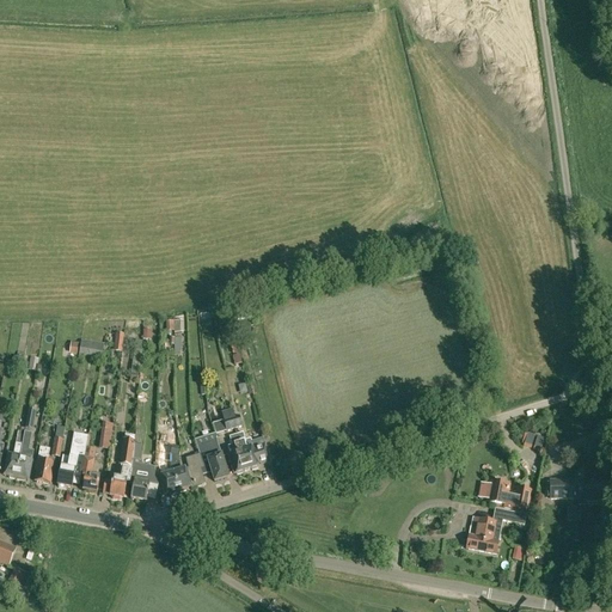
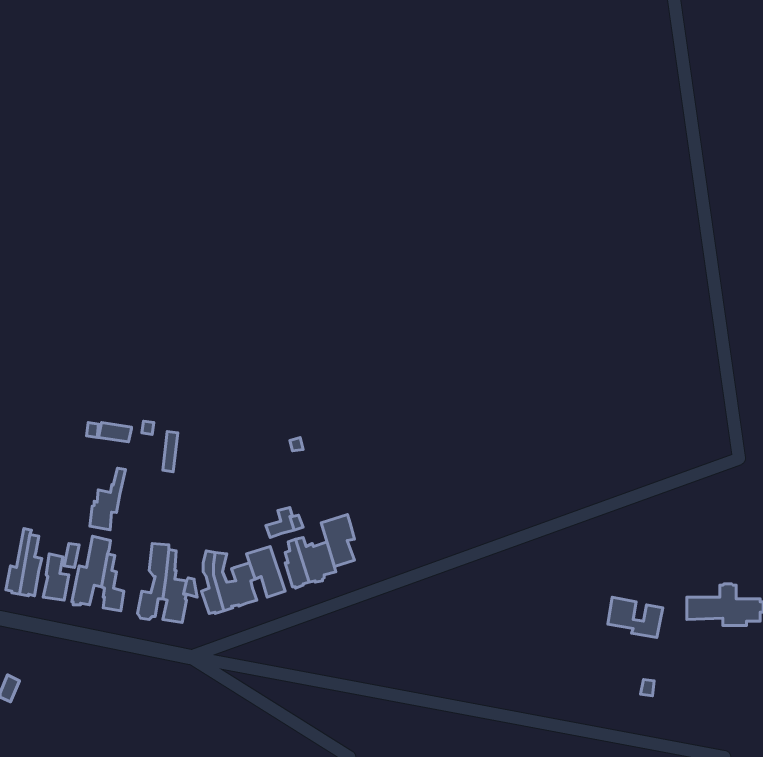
building: none -> [90,468,125,530]
building: none -> [321,514,355,566]
building: [466,506,526,551] -> none

